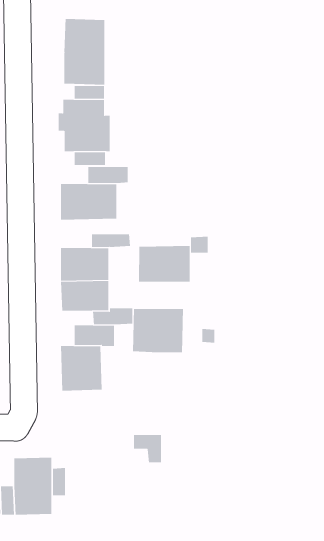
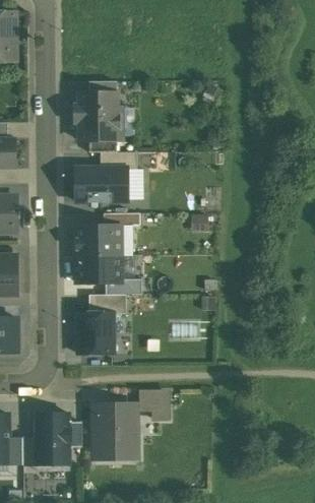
building: [64,18,105,86] -> none
building: [139,245,190,283] -> none
building: [133,308,183,353] -> none
building: none -> [97,407,134,455]

